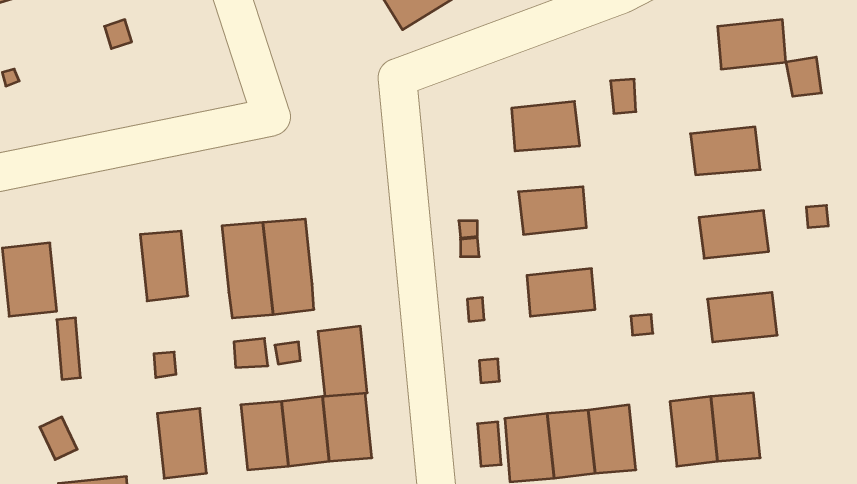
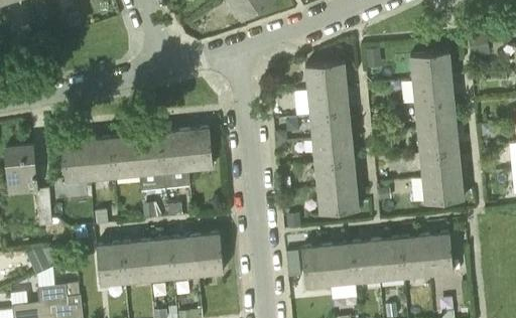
building: [718,20,786,69] -> [410,52,450,82]
building: none -> [308,89,349,116]
building: none -> [415,103,456,131]
building: none -> [111,136,139,177]
building: none -> [313,137,354,165]
building: none -> [61,141,91,182]
building: none -> [420,151,461,179]
building: none -> [317,185,358,214]
building: [318,326,367,396] -> [184,129,214,170]
building: none -> [376,240,404,280]
building: none -> [122,242,150,282]

